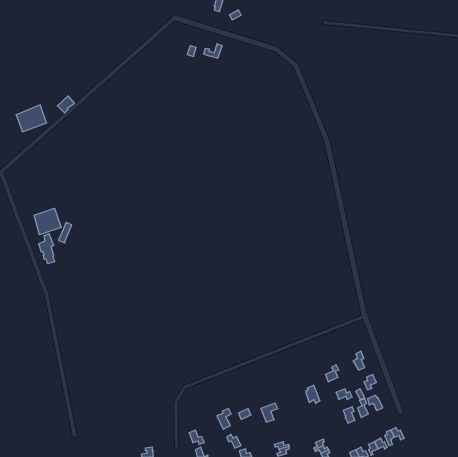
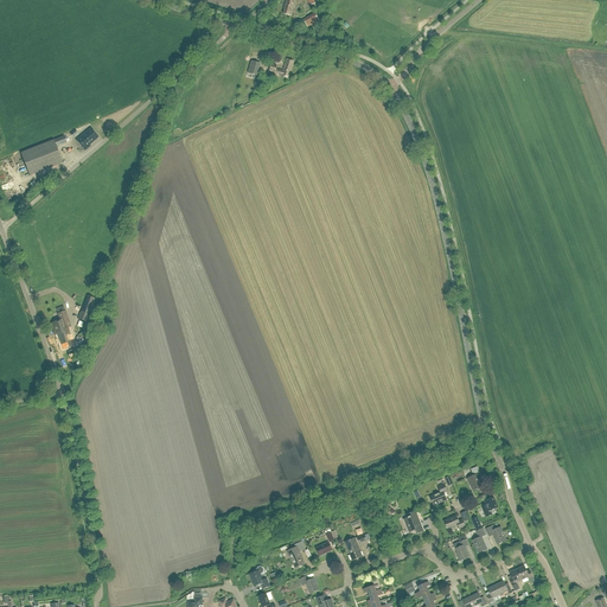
building: [34,208,61,235] -> none

